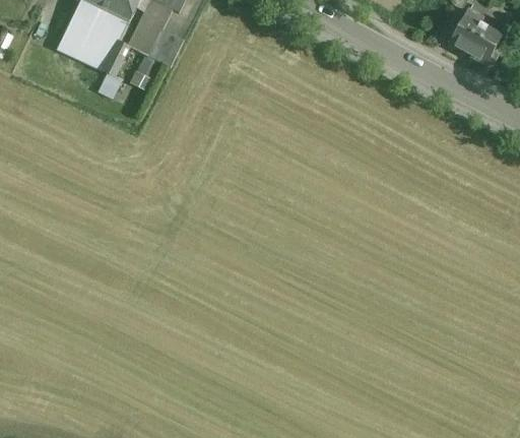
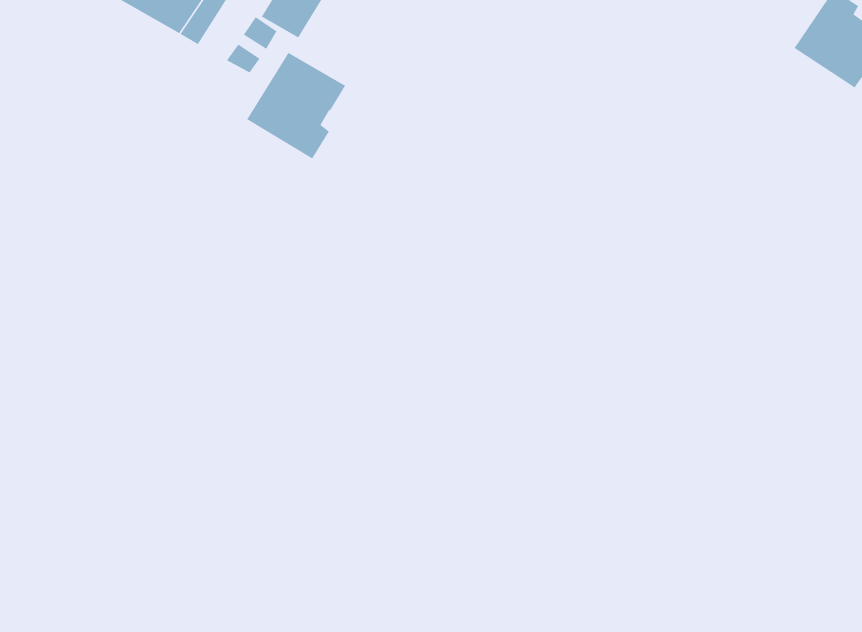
building: none -> [246,52,346,160]

